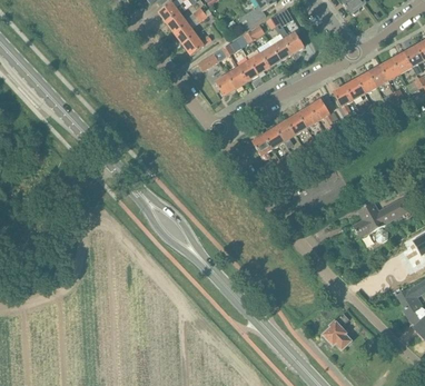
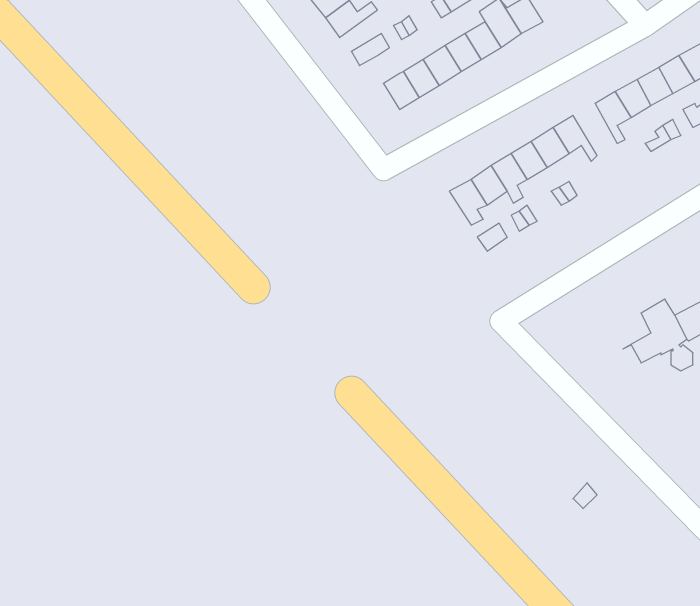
building: [324,313,352,348] -> none

